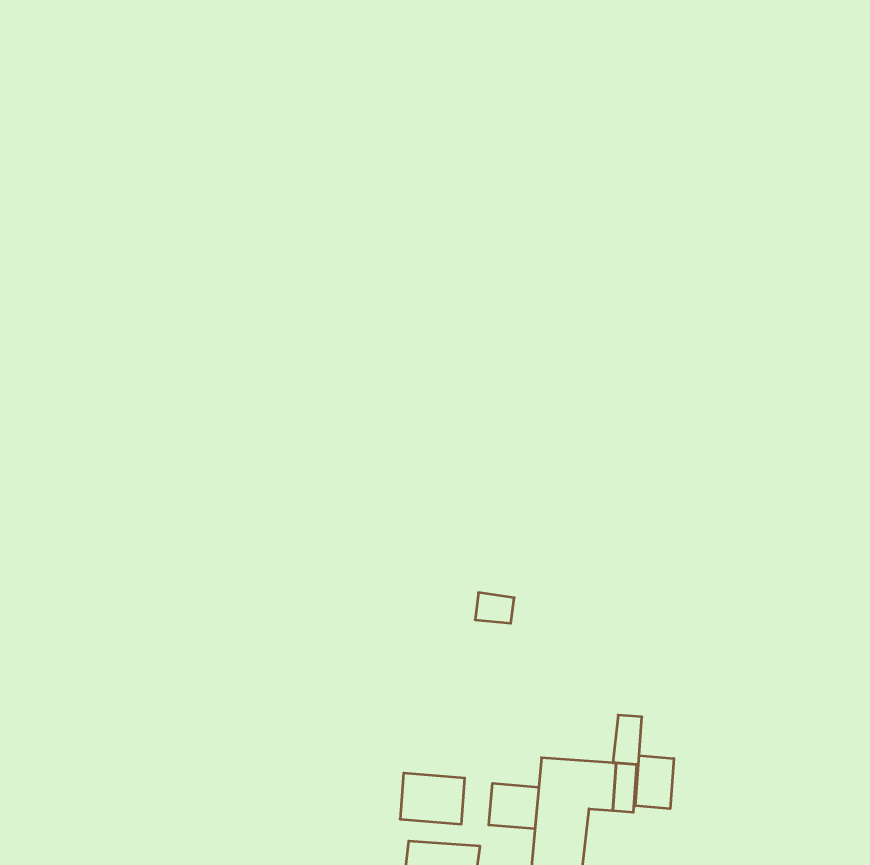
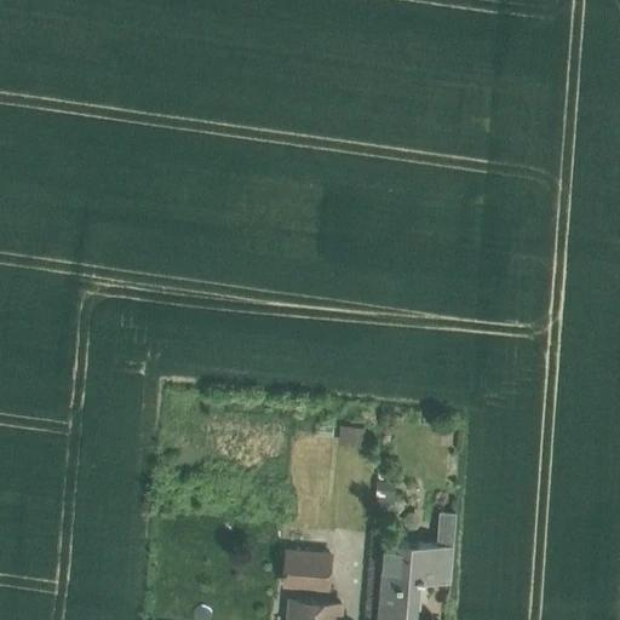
building: [635,756,674,809] -> none
building: [489,783,539,829] -> none

